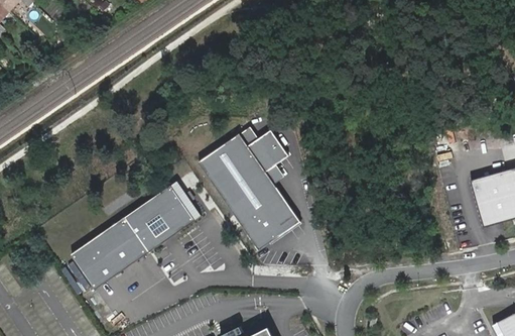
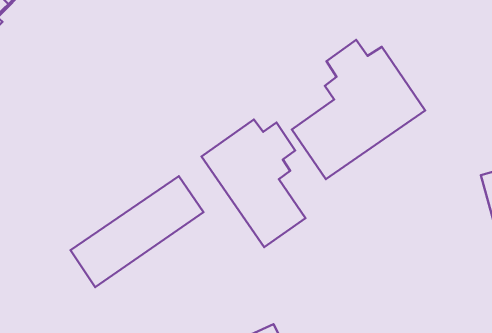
building: none -> [292,40,425,179]

